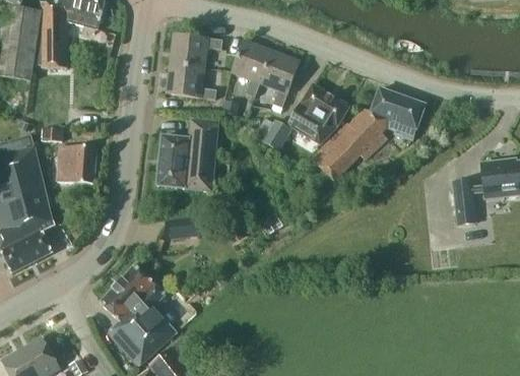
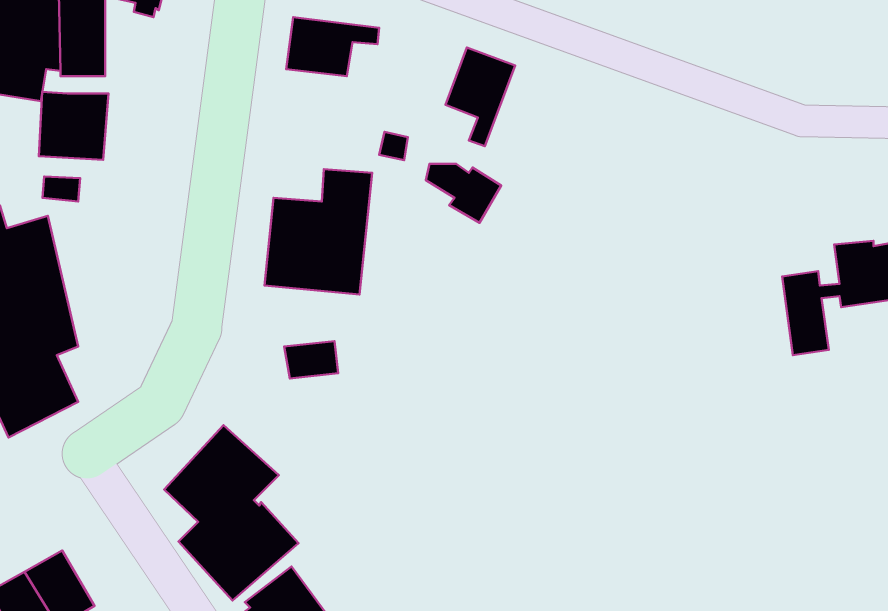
building: [232,40,272,97] -> none
building: [167,63,216,99] -> none
building: [288,84,349,143] -> none
building: [312,87,426,181] -> none
building: [57,144,96,183] -> [39,92,109,160]

